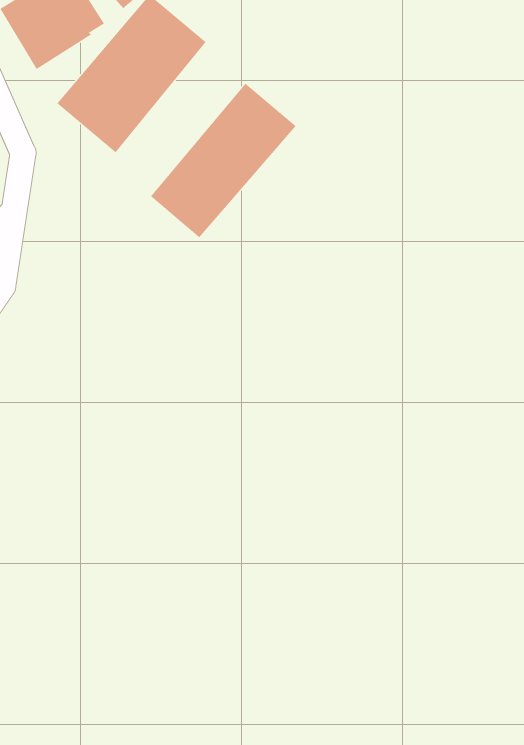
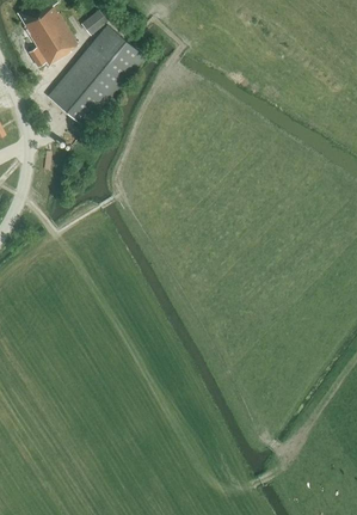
building: [150,83,296,238] -> none

